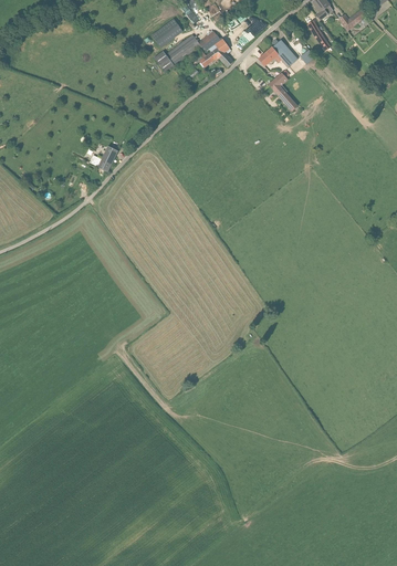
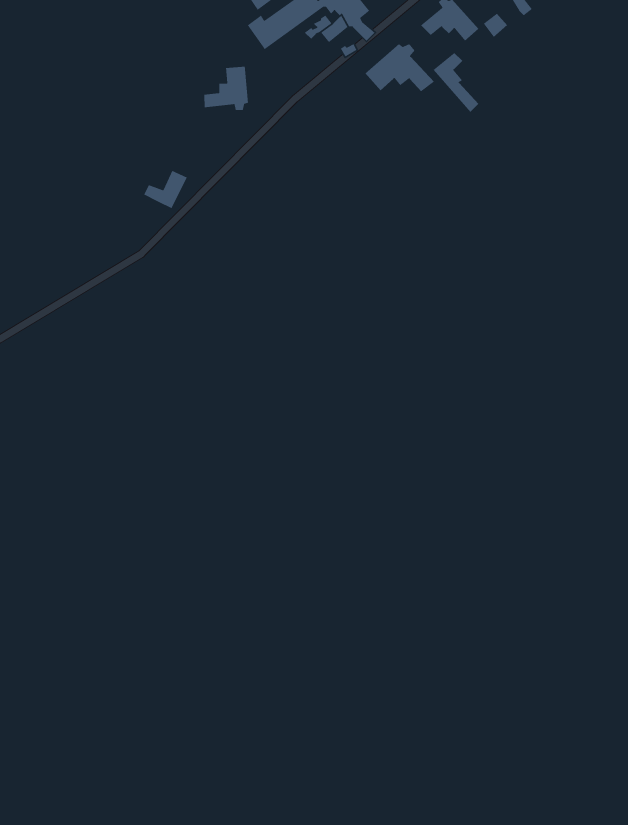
building: none -> [365,43,435,92]
building: none -> [203,66,249,111]

